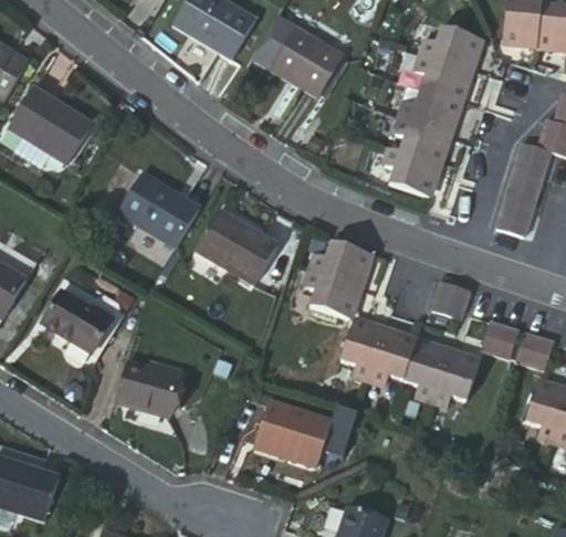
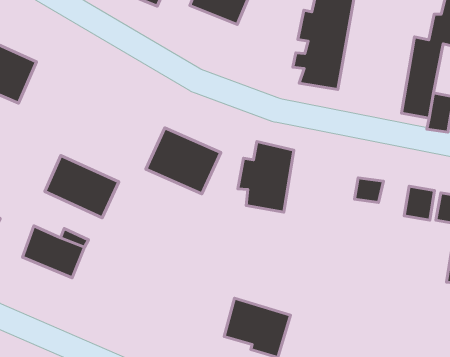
building: [118,169,202,245] -> [45,156,119,218]
building: [336,318,473,411] -> none
building: [116,358,180,418] -> none

